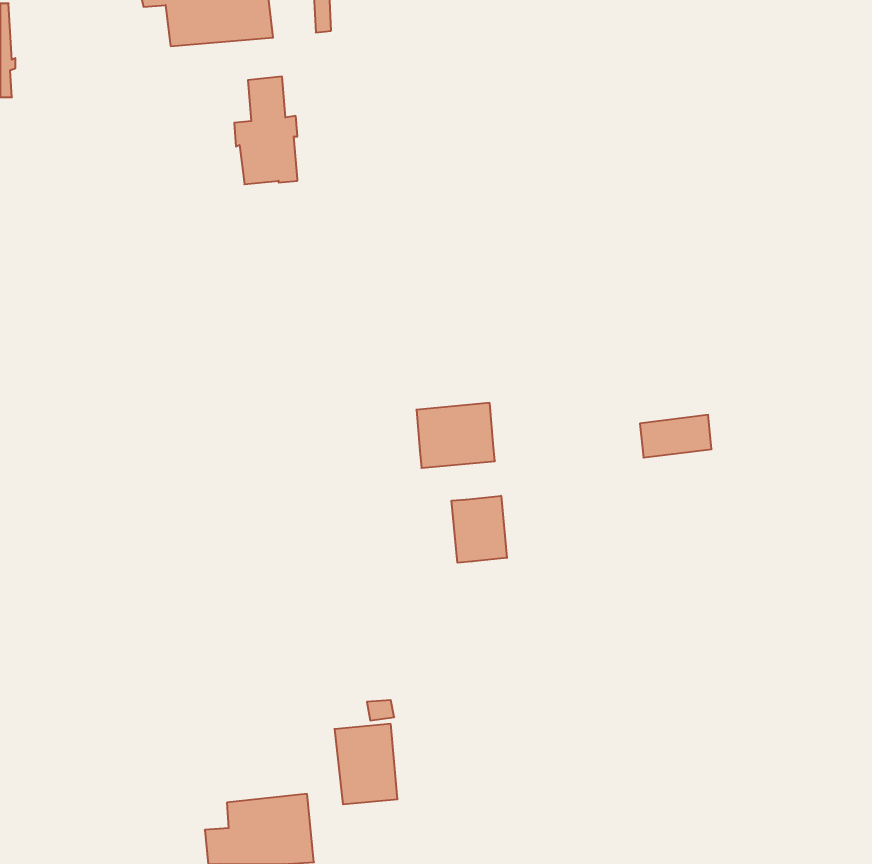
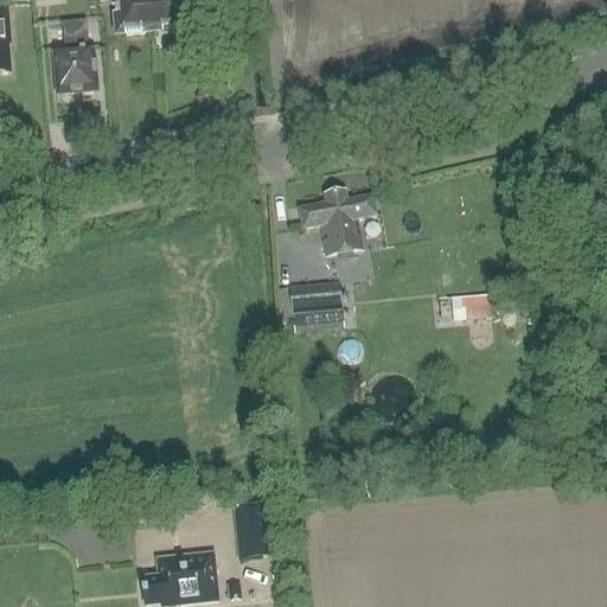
building: [234,77,297,184] -> [52,18,96,92]
building: none -> [298,190,375,253]
building: [452,496,507,563] -> none

